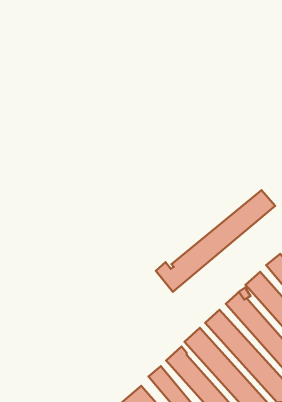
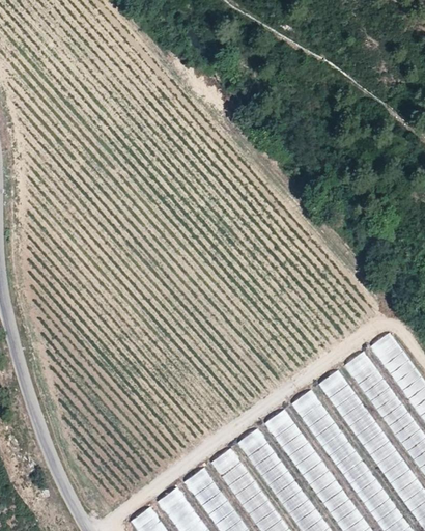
building: [156,190,275,292] -> none

